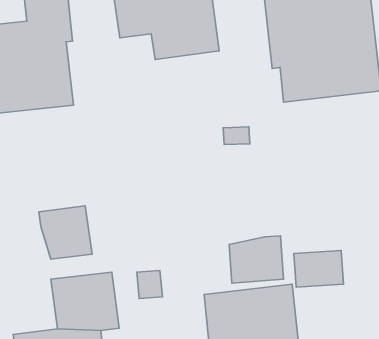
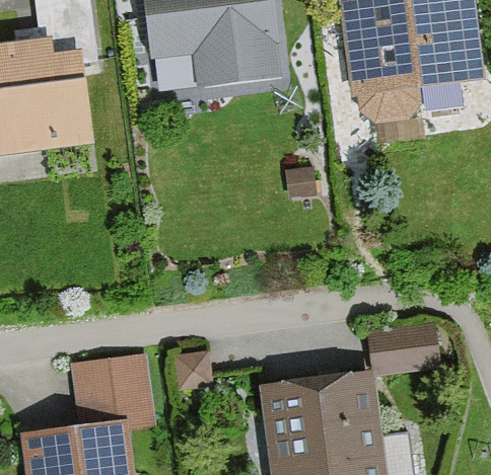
building: [39,206,92,259] -> none
building: [229,236,283,283] -> none

